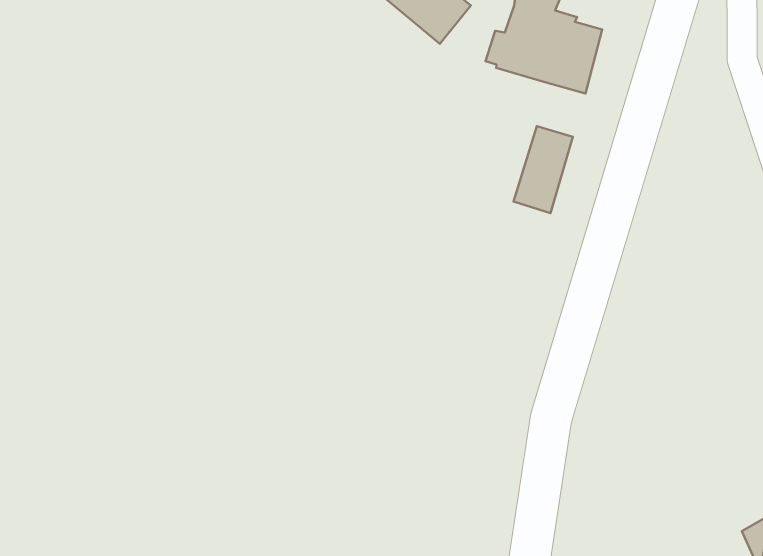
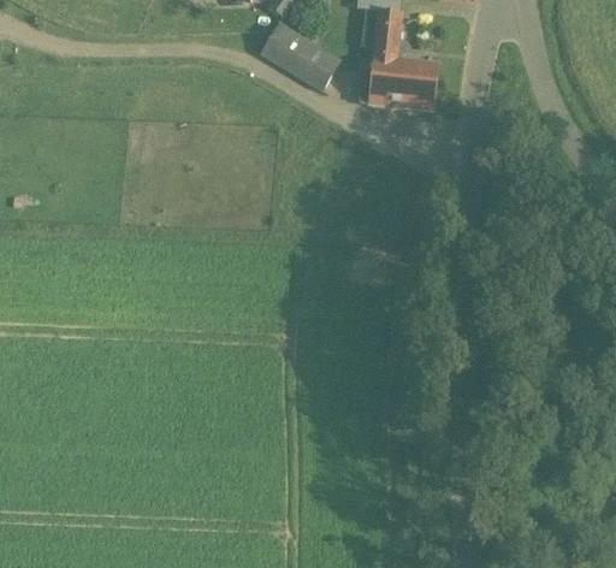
building: [514,126,573,213] -> none

